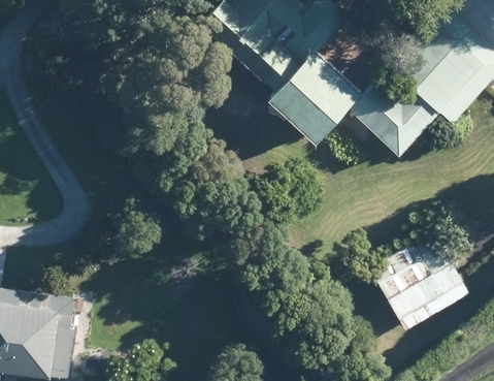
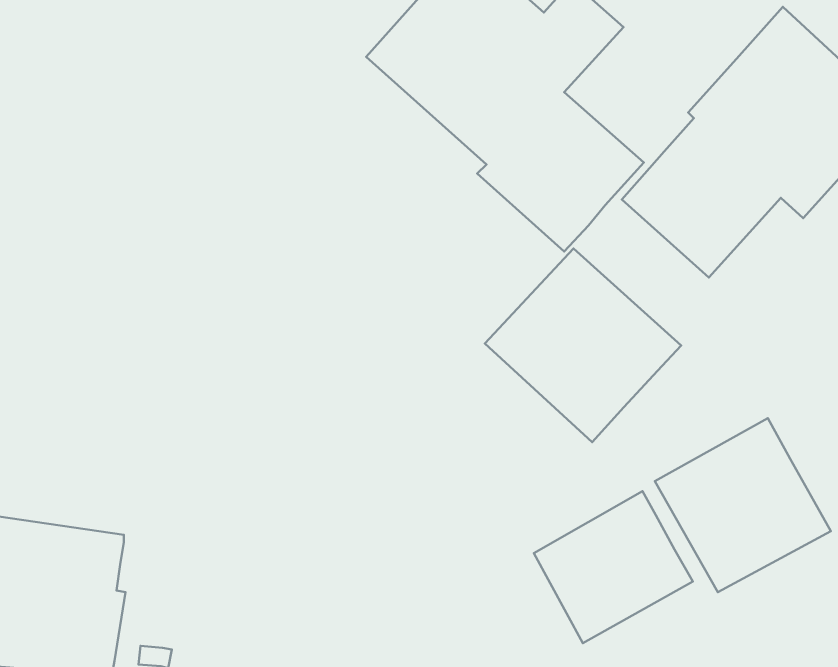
building: none -> [485,248,681,442]
building: none -> [534,491,693,643]

